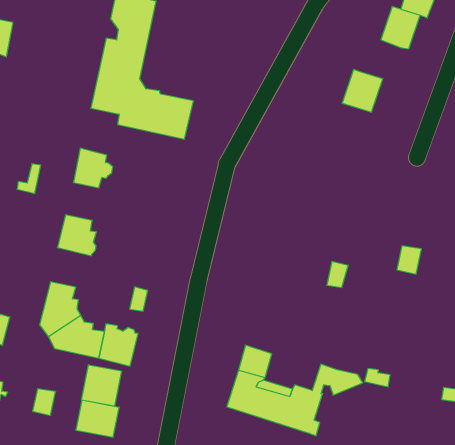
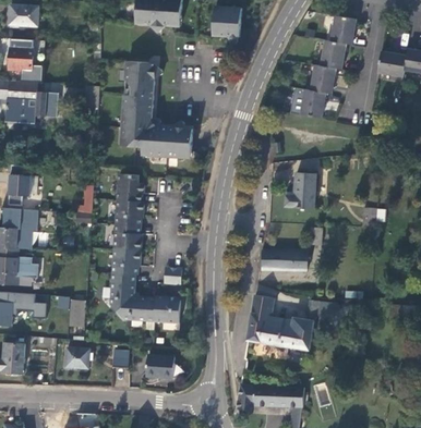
building: none -> [310,64,335,94]
building: none -> [115,199,143,224]
building: none -> [285,173,316,209]
building: none -> [111,247,140,273]
building: none -> [260,249,306,270]
building: [82,365,121,406] -> none

